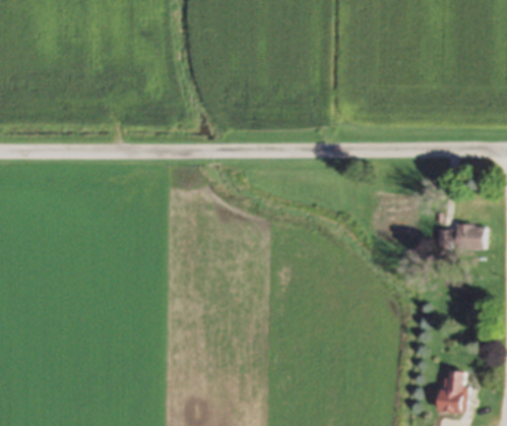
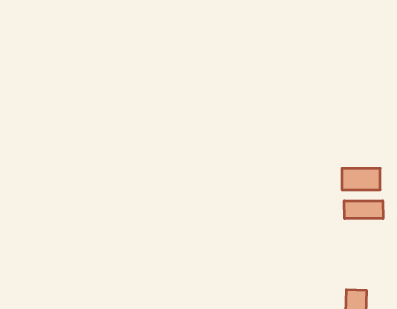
building: none -> [344,201,383,219]

